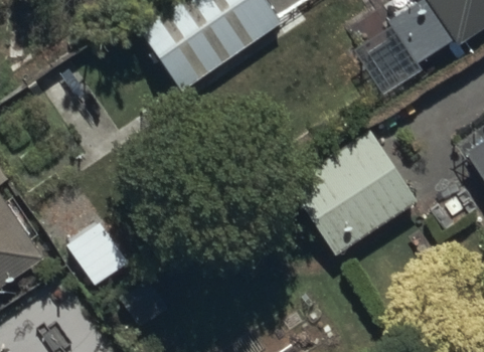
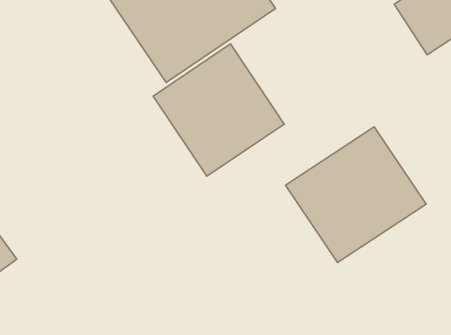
building: none -> [153,44,284,176]

